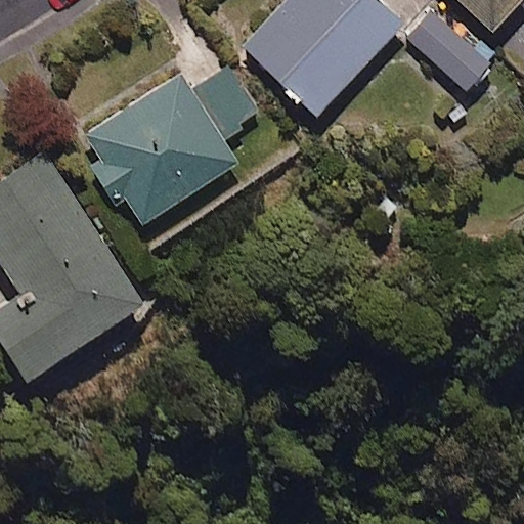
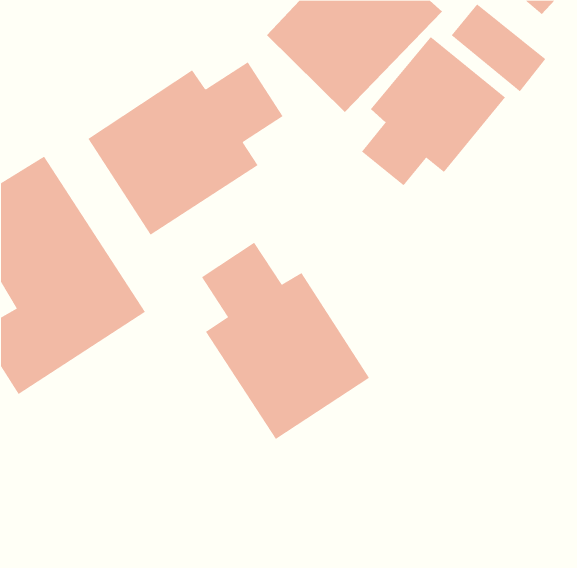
building: none -> [361,36,506,186]
building: none -> [201,242,370,440]

